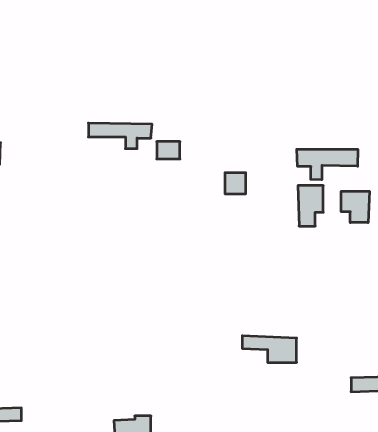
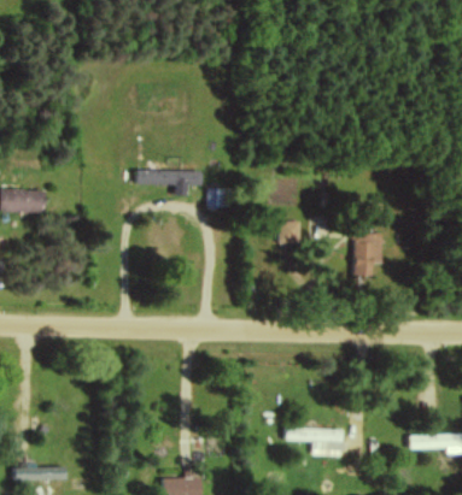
building: [297,149,358,180] -> none
building: [341,191,369,223] -> none
building: [242,336,297,362] -> [286,428,343,455]

